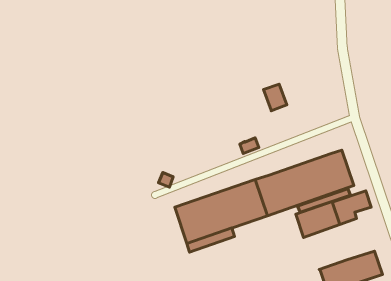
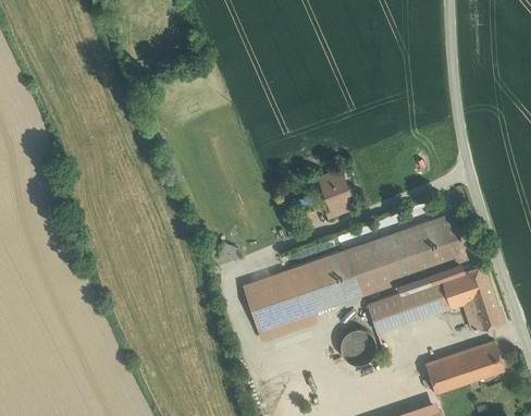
building: [263,84,287,111] -> [320,171,349,205]
building: none -> [466,286,502,330]
building: none -> [367,295,404,334]
building: none -> [339,330,374,365]

